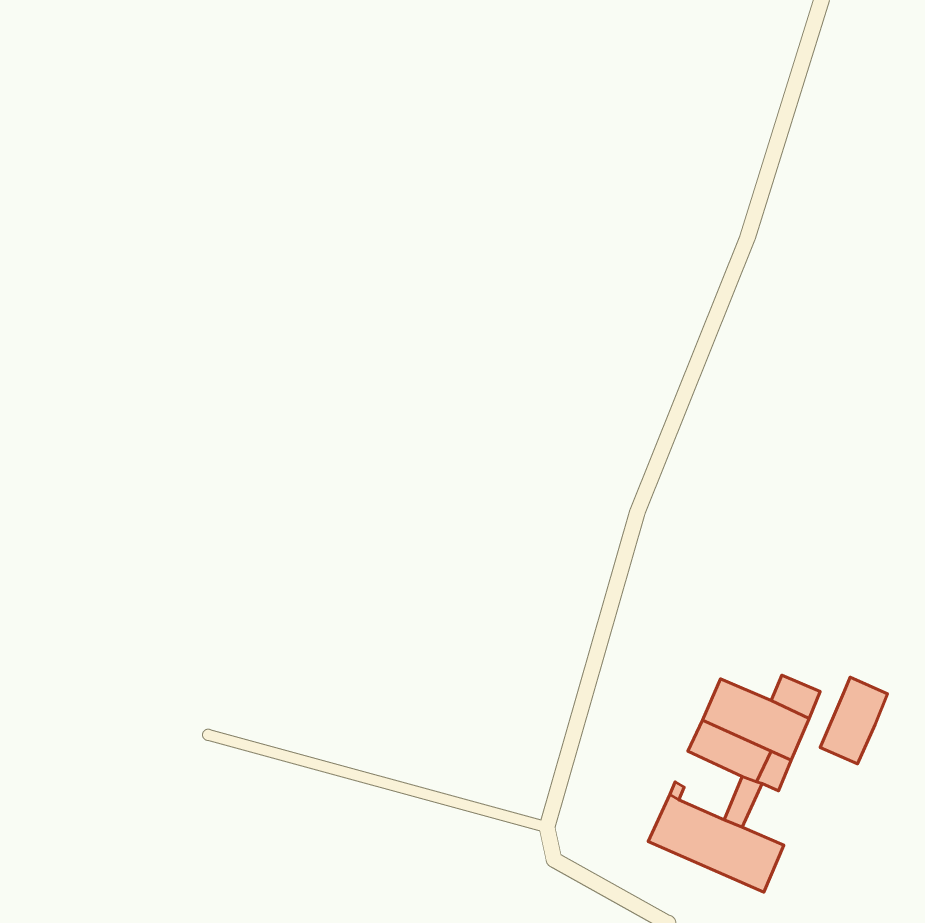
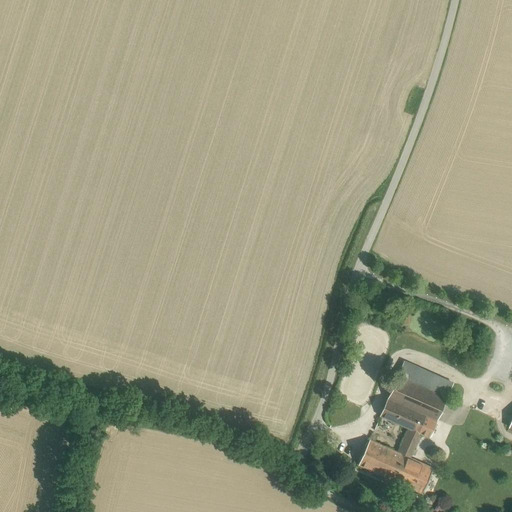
building: none -> [398,361,432,387]
building: [820,677,888,764] -> none

